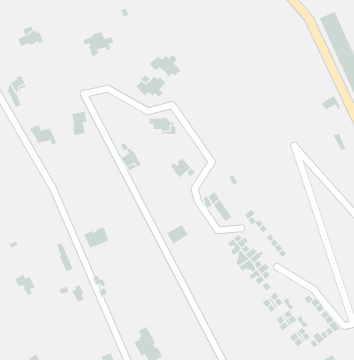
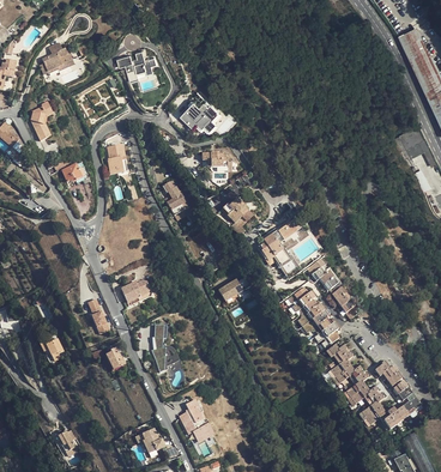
building: [149,54,181,77] -> none
building: none -> [151,323,179,373]

